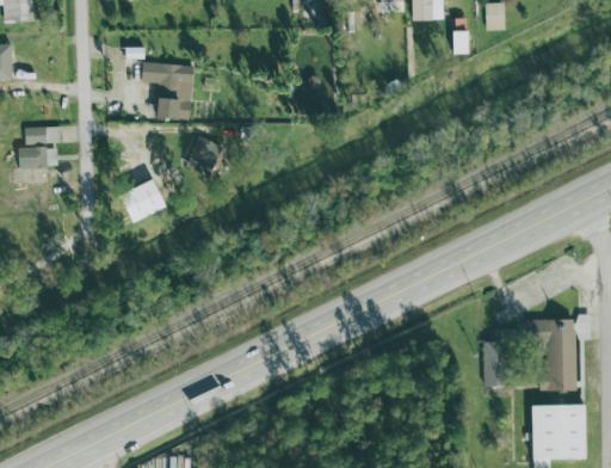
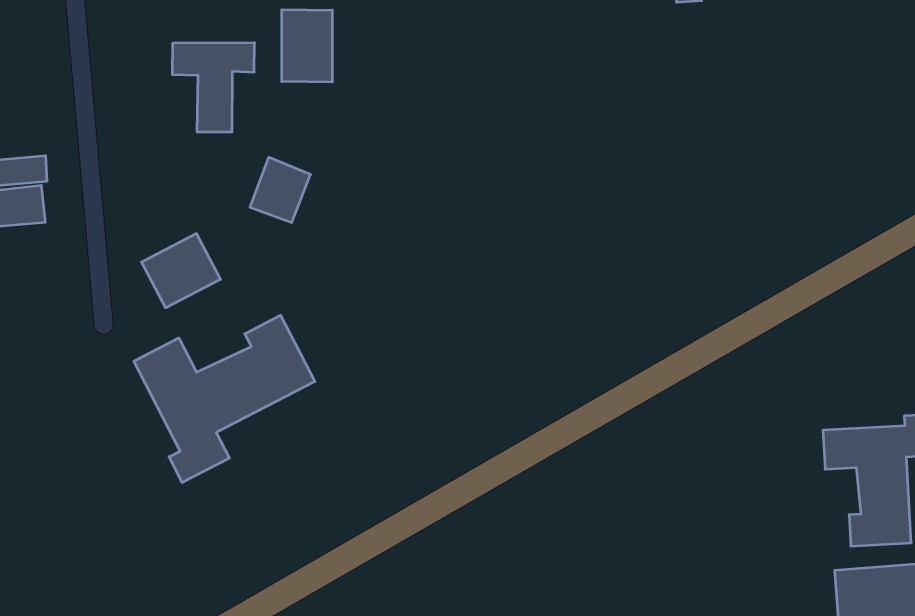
building: none -> [282,10,332,82]
building: none -> [134,315,315,483]
building: [483,341,507,388] -> none

